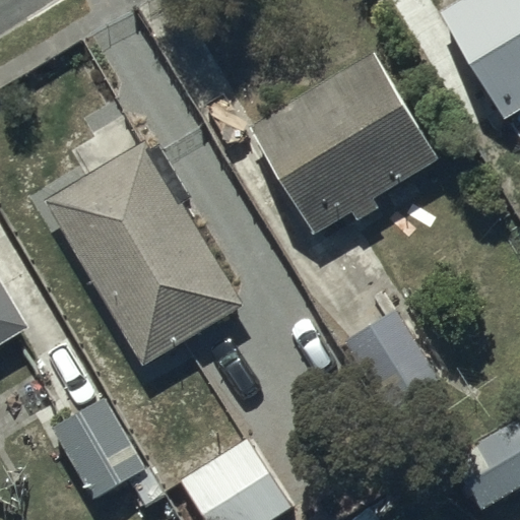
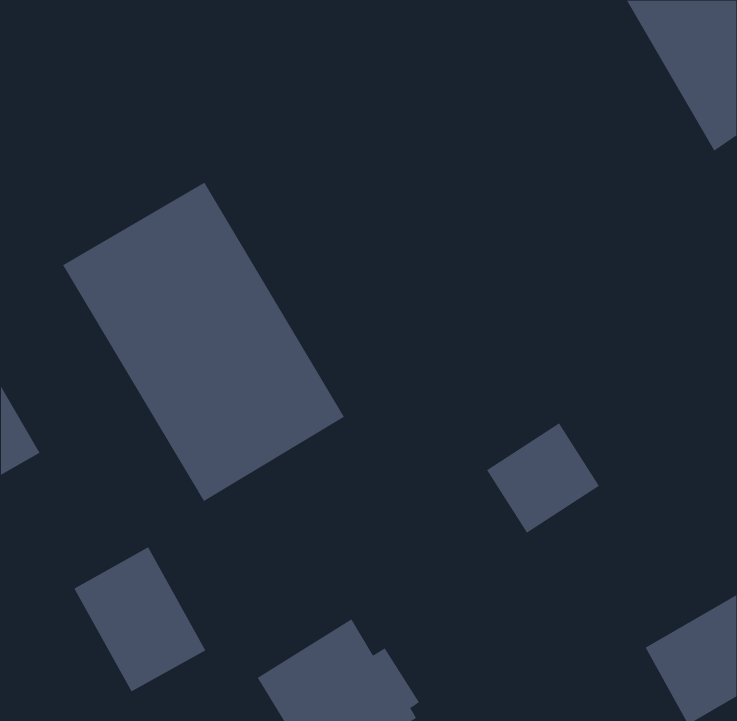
building: [249,49,442,233] -> none

